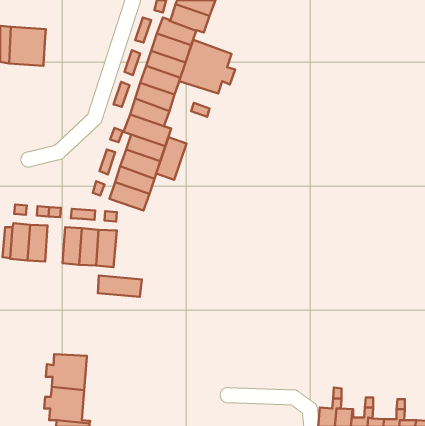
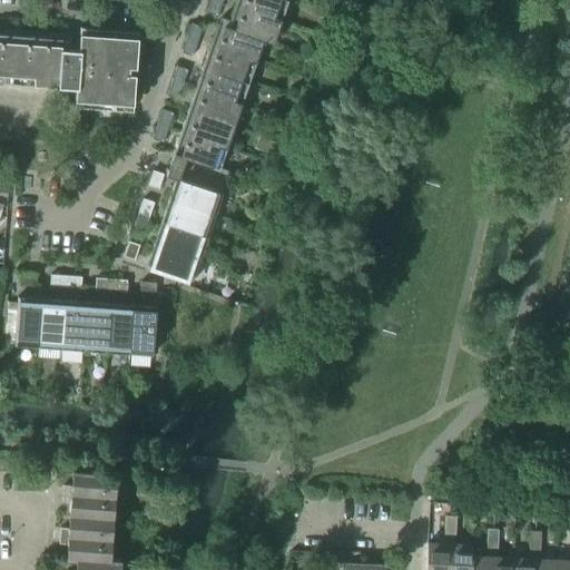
building: none -> [60,35,139,106]
building: [179,40,235,93] -> none
building: [156,137,186,180] -> none
building: none -> [62,302,89,352]
building: [98,275,142,297] -> none

